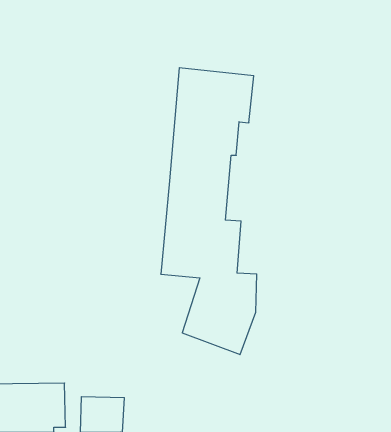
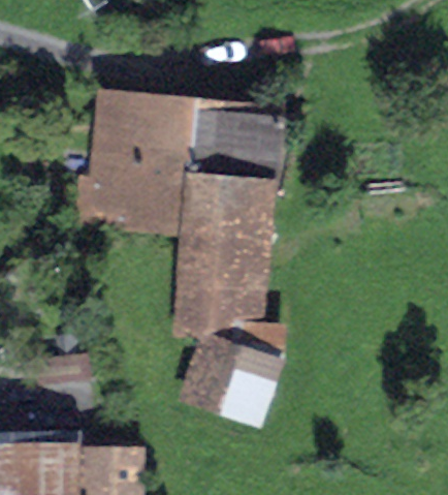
building: none -> [82,100,196,227]

